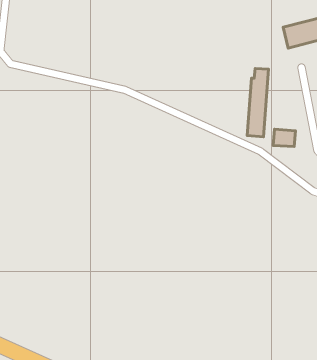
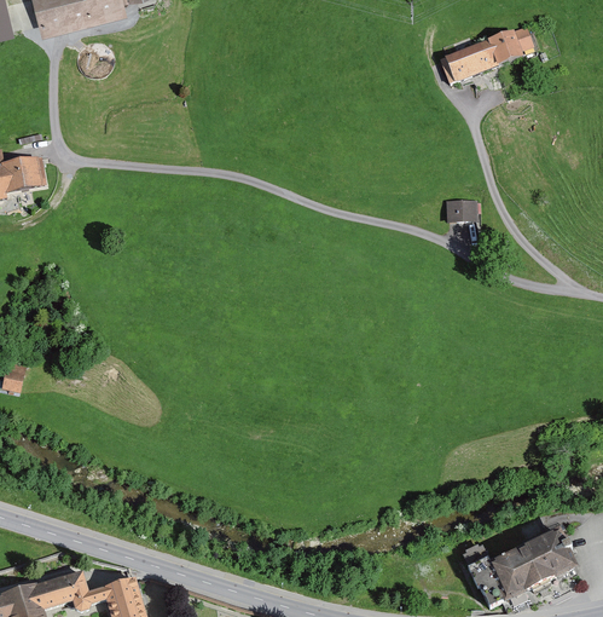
building: [247,68,269,137] -> none

